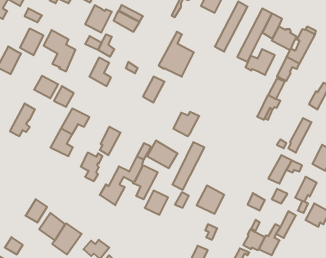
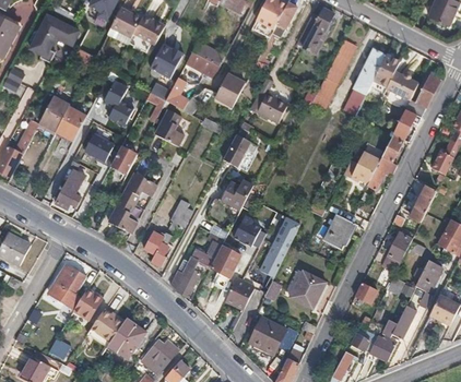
building: none -> [215,73,245,106]
building: [20,29,43,55] -> [56,107,85,141]
building: [245,49,275,75] -> [343,151,380,183]
building: [173,112,199,136] -> [221,180,253,211]
building: none -> [323,215,354,249]
building: none -> [49,264,86,309]
building: none -> [251,318,286,354]

